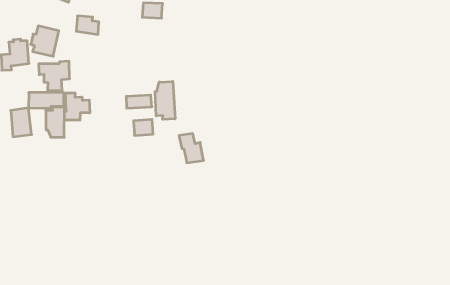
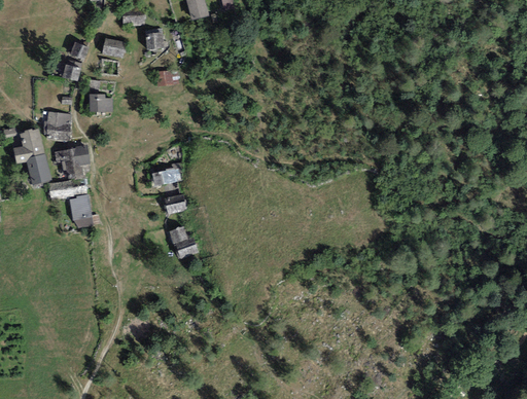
building: [155,81,175,119] -> none
building: [64,93,90,120] -> none
building: [11,108,32,137] -> [26,152,51,185]
building: [179,134,204,163] -> [169,226,199,258]

